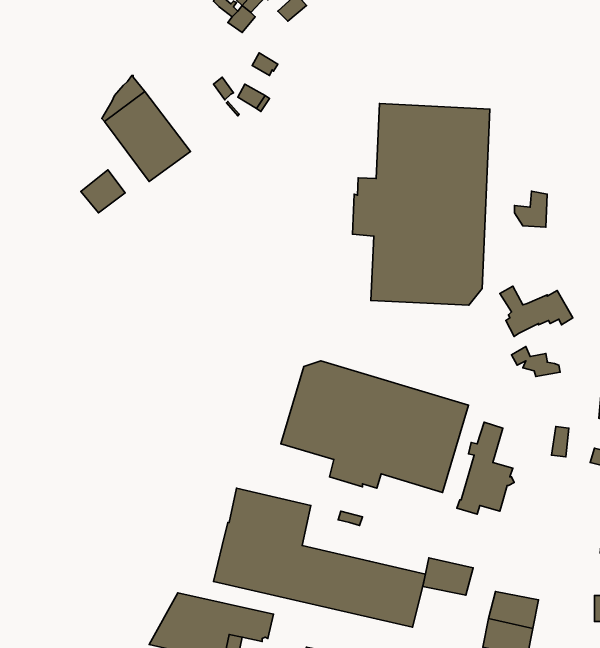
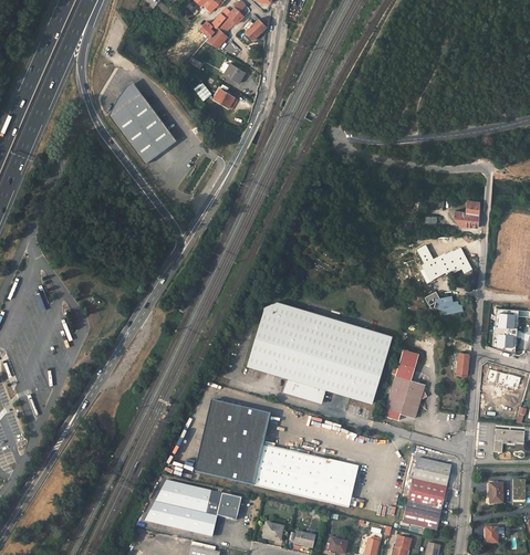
building: [352,104,490,305] -> none
building: [81,170,125,213] -> none
building: [514,191,547,227] -> [454,199,479,227]
building: [423,558,473,595] -> [413,457,451,485]

